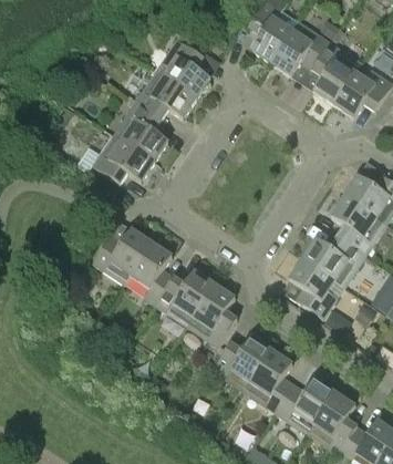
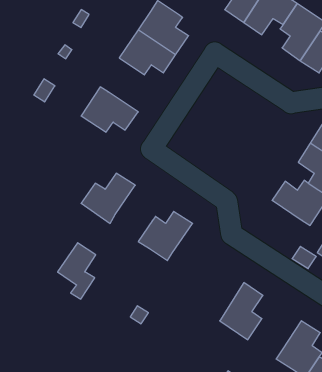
building: [113,101,168,161] -> none
building: [130,241,172,303] -> [58,243,96,299]
building: [289,258,344,318] -> none
building: [187,283,237,346] -> none
building: [213,336,271,391] -> none
building: [276,378,334,433] -> none

